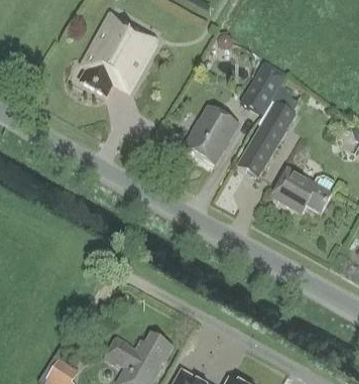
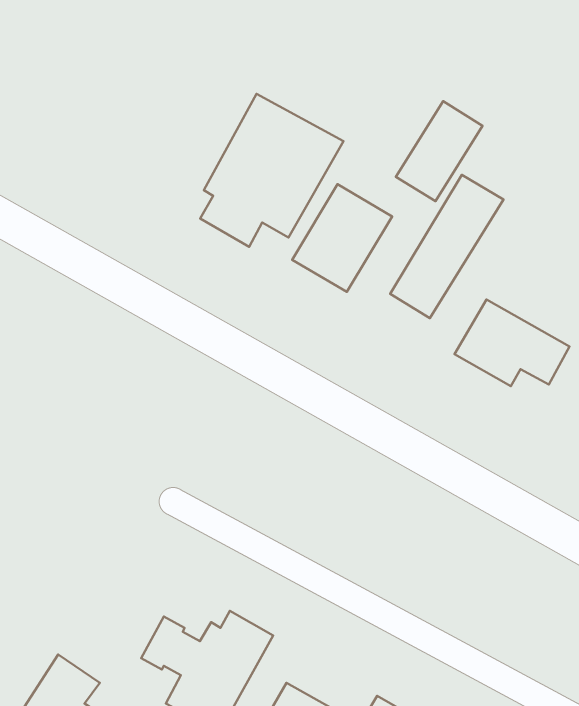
building: [80,13,156,95] -> [200,94,343,247]

